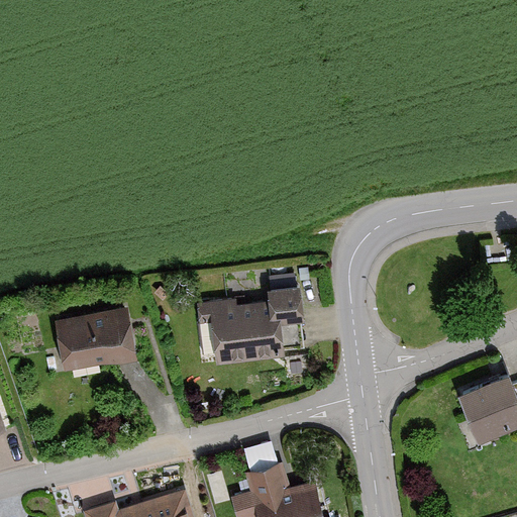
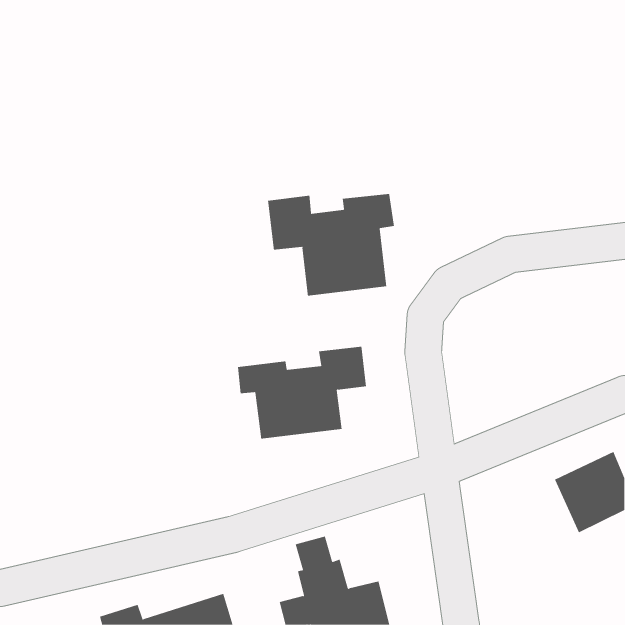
building: none -> [268,193,394,296]
building: [55,306,136,370] -> none

